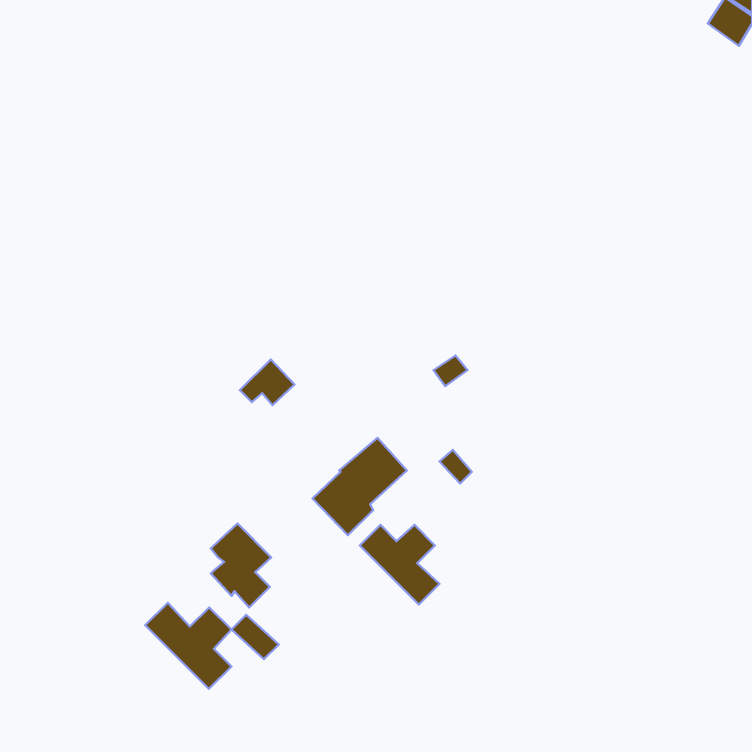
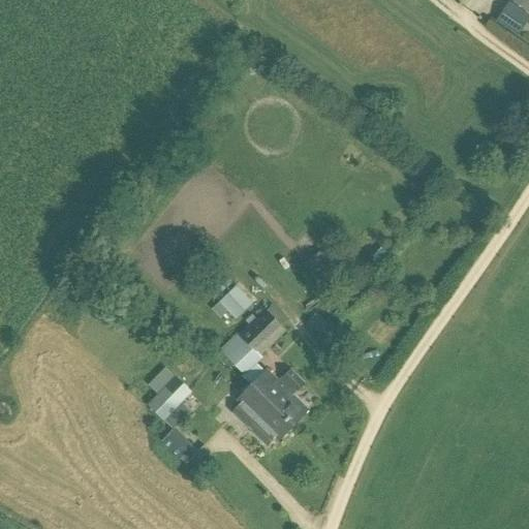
building: [240,359,295,405] -> [212,286,250,318]
building: none -> [237,382,293,446]
building: [145,603,231,689] -> none

